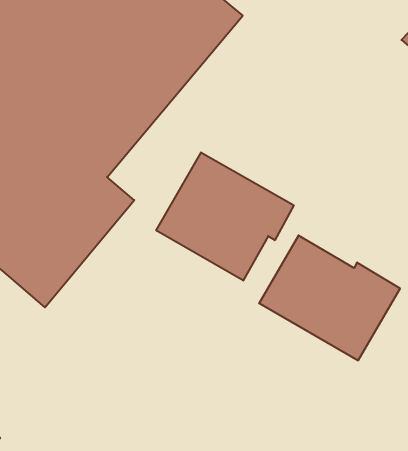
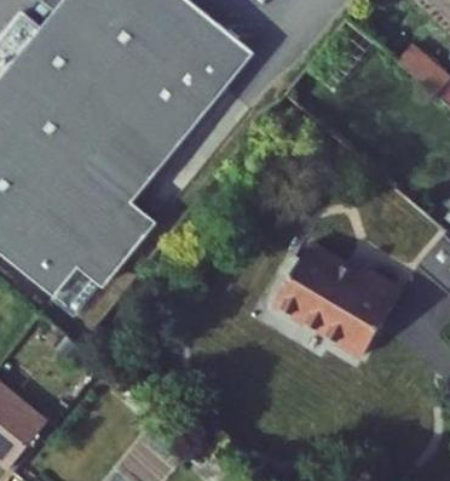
building: [156,152,294,281] -> none

